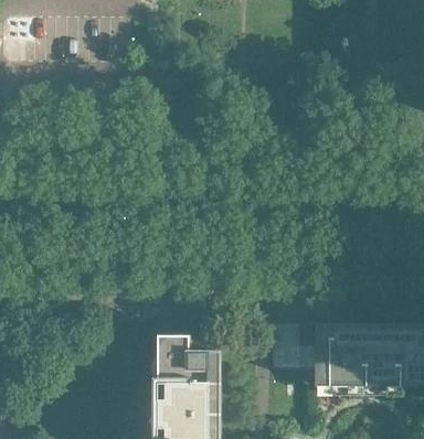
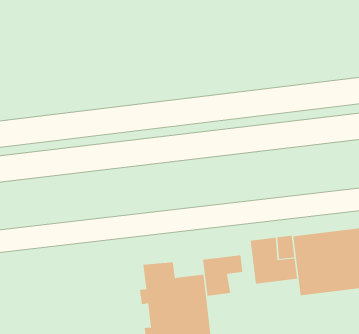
building: none -> [202,254,243,296]

